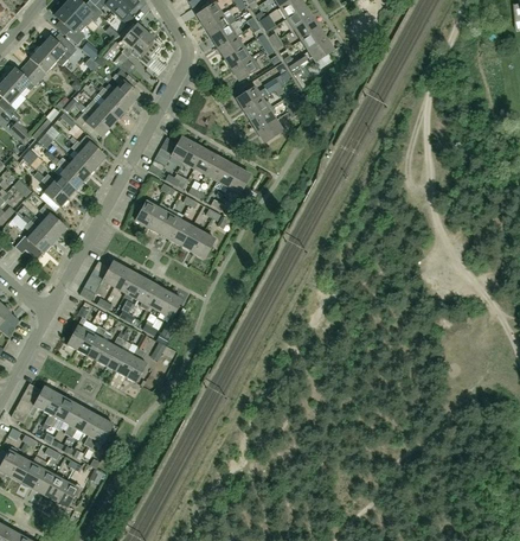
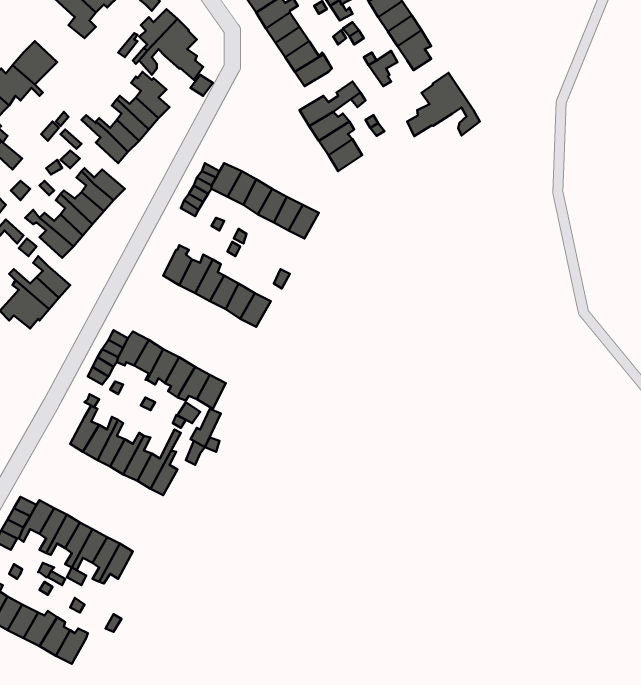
building: [41,34,78,62] -> none
building: none -> [407,73,480,136]

